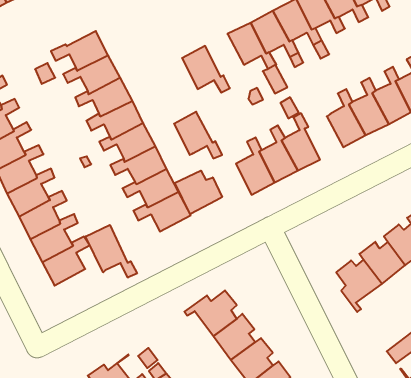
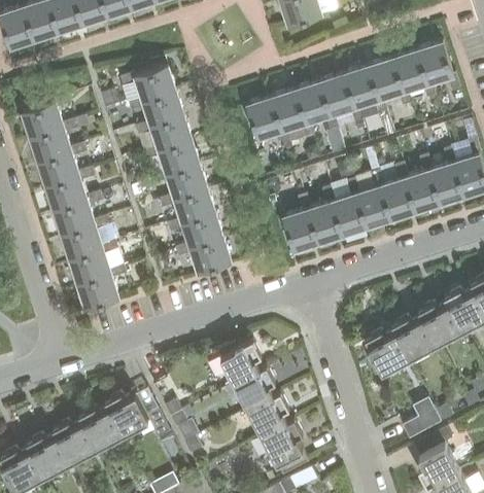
building: none -> [356,173,391,228]
building: [174,112,222,158] -> [272,91,314,139]
building: [175,171,222,214] -> none
building: [85,225,137,278] -> none

